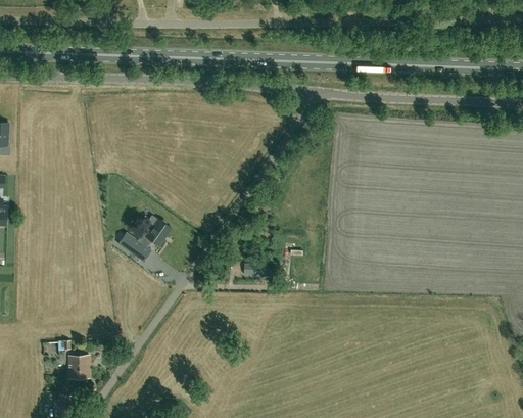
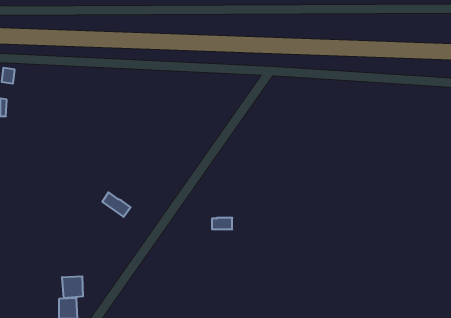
building: [137,215,172,245] -> none
building: none -> [62,276,83,298]

